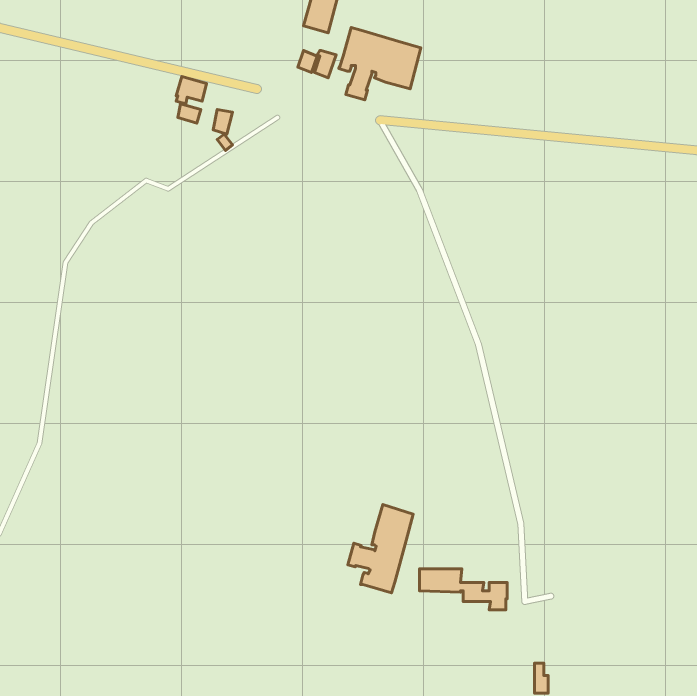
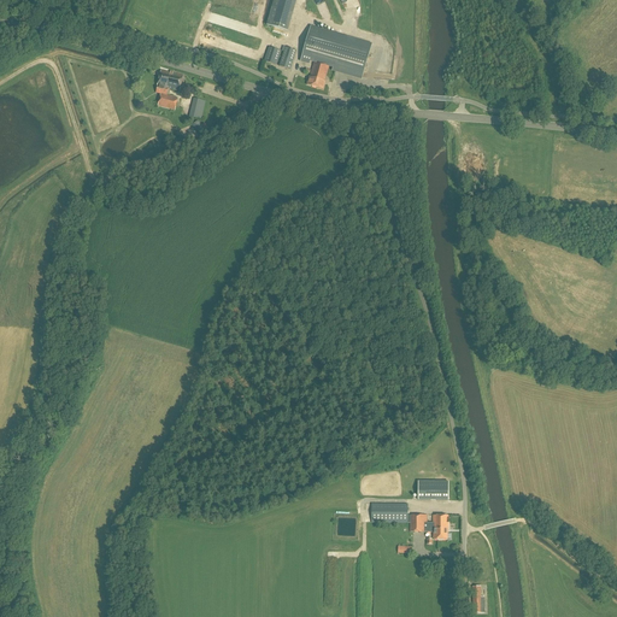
building: [348,504,413,593] -> none
building: none -> [417,480,448,498]

